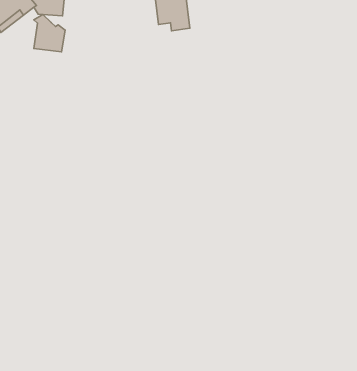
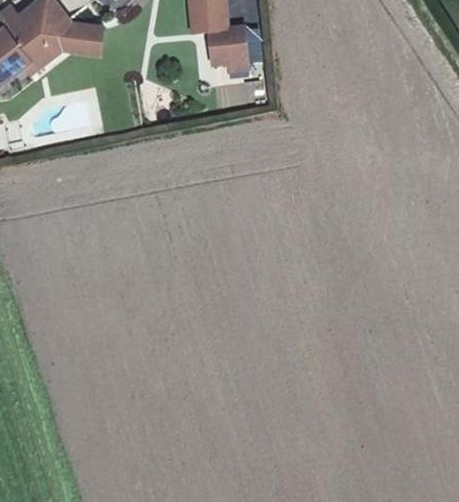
building: [34,15,65,52] -> none

